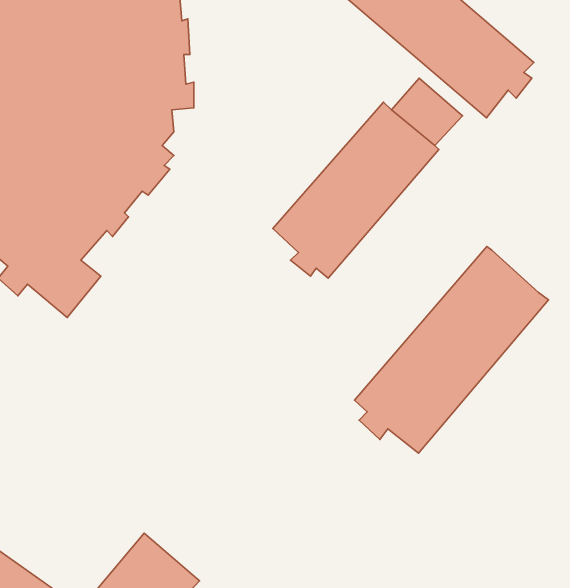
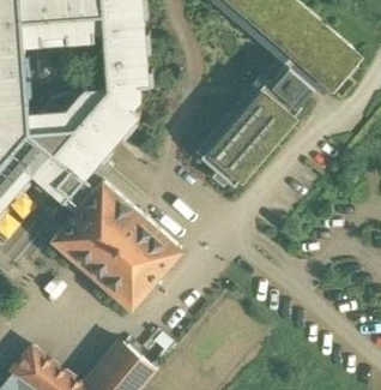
building: [354,246,549,453] -> none
building: none -> [52,181,179,307]

